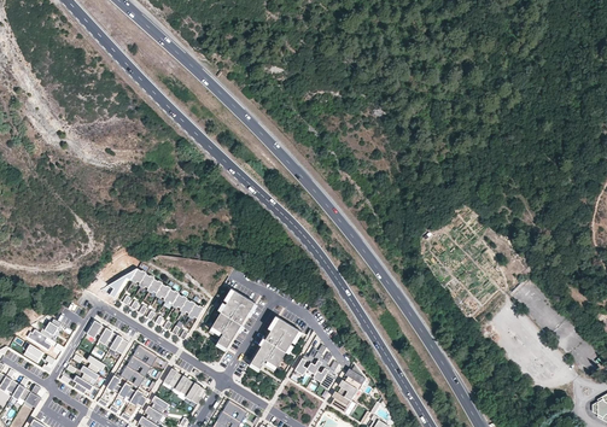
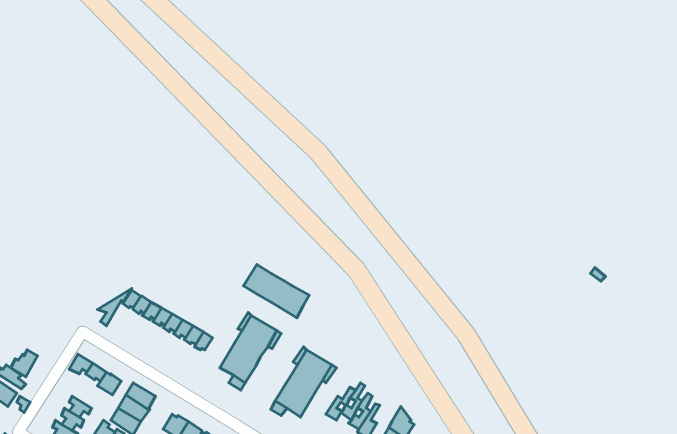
building: none -> [244,265,309,318]

